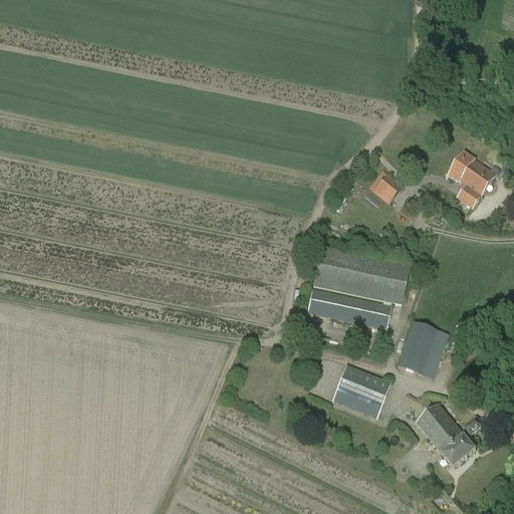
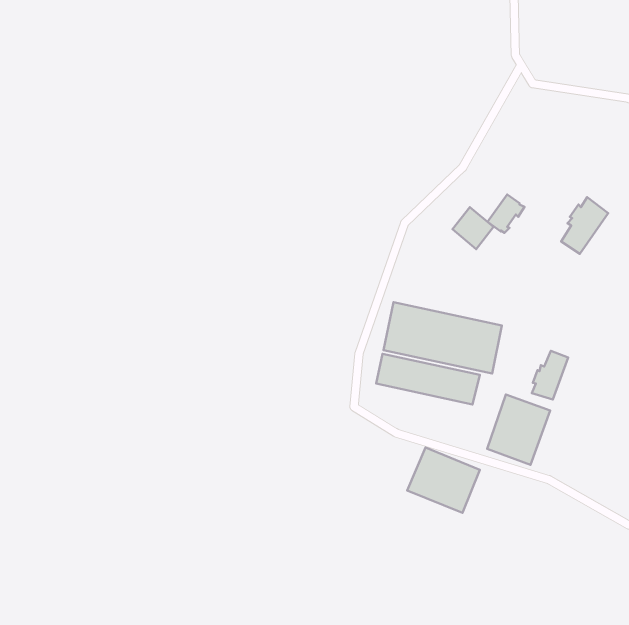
building: [448,151,478,182] -> [487,195,524,233]
building: none -> [532,351,568,400]
building: [416,403,482,468] -> none

